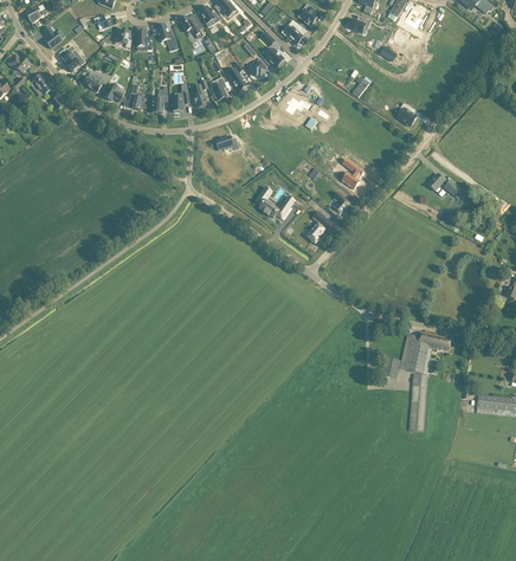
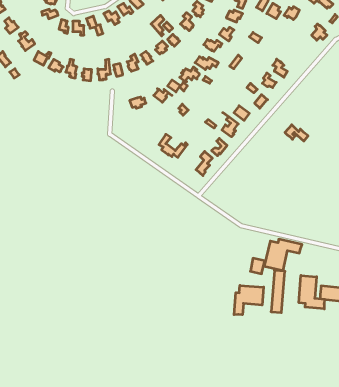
building: none -> [299,275,325,309]
building: none -> [234,285,264,315]

